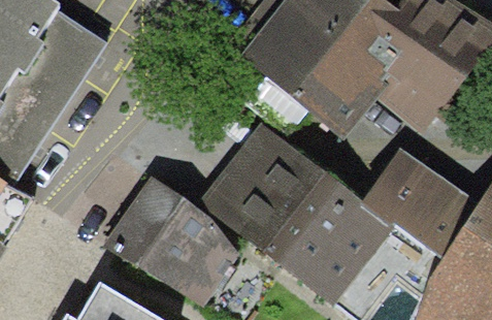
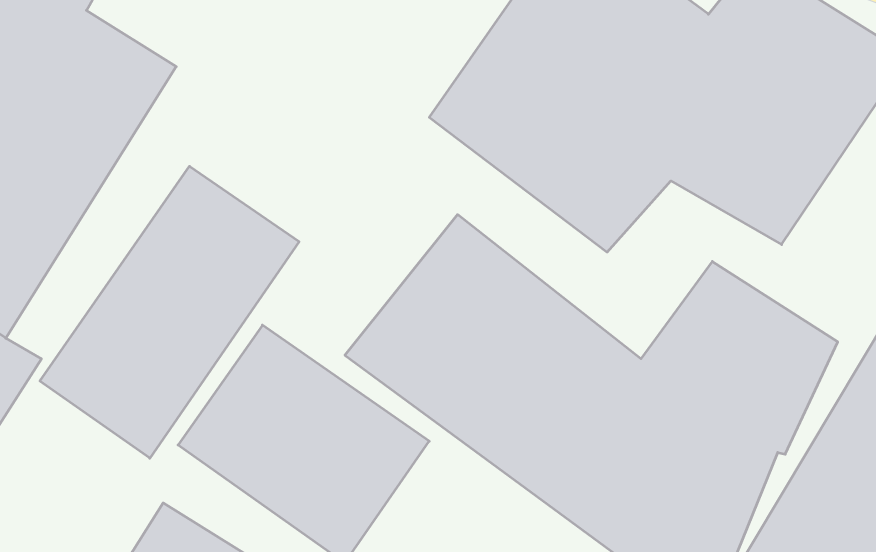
building: none -> [40,166,299,458]

